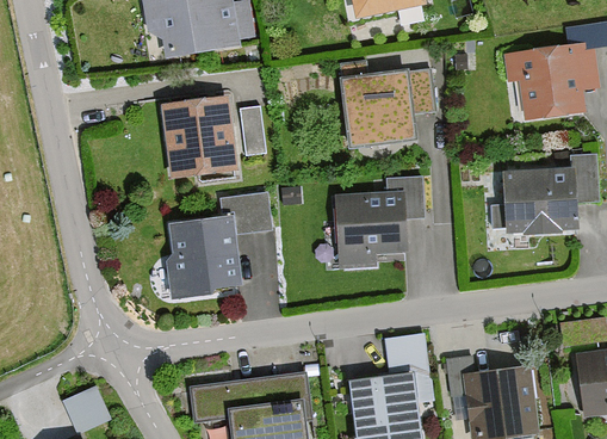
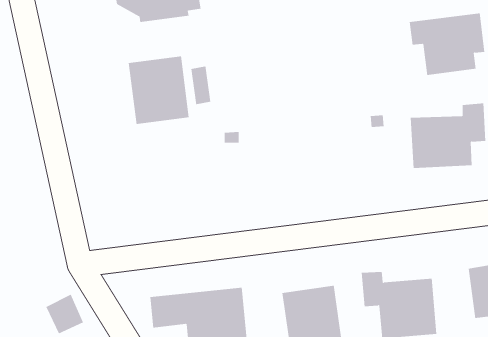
building: [340,70,433,149] -> none
building: [333,175,422,268] -> none
building: [167,191,270,297] -> none
building: [383,335,425,369] -> none

